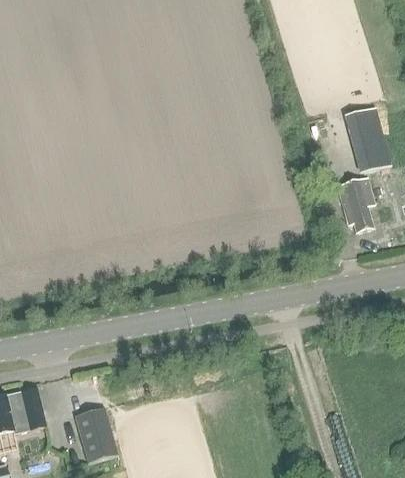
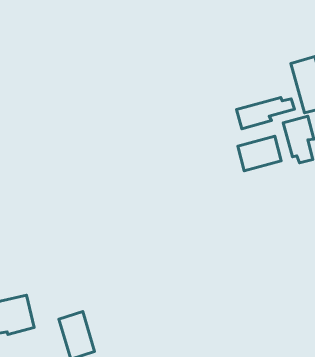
building: none -> [237,98,295,129]
building: none -> [238,136,281,171]

